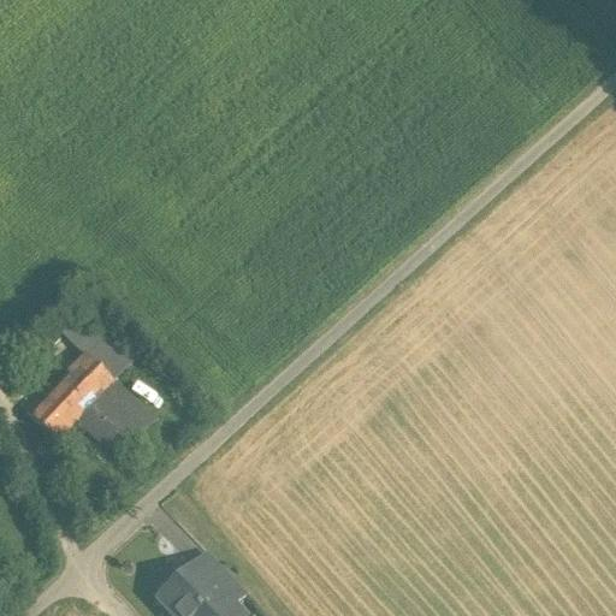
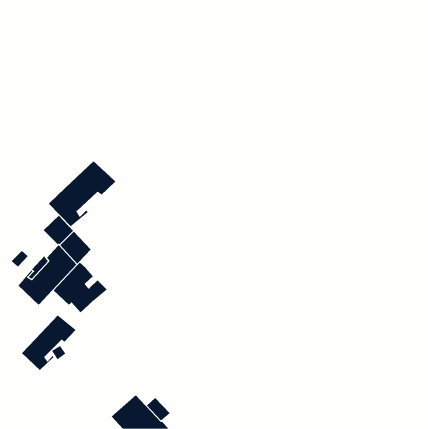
building: none -> [48,161,116,227]
building: none -> [21,315,77,371]

